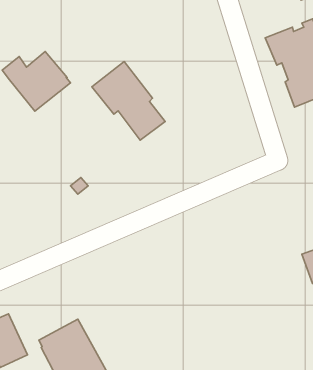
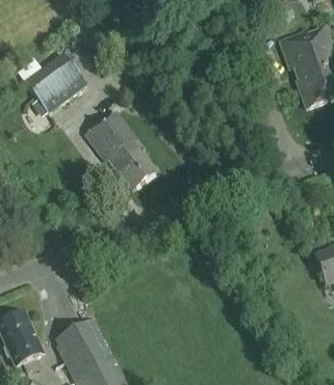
building: [92,61,165,140] -> [82,109,155,187]

